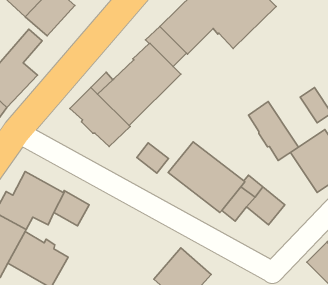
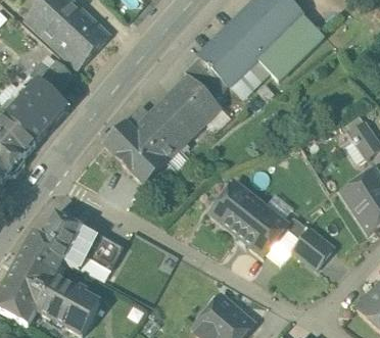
building: [249,101,299,161] -> none
building: [137,143,168,173] -> none

